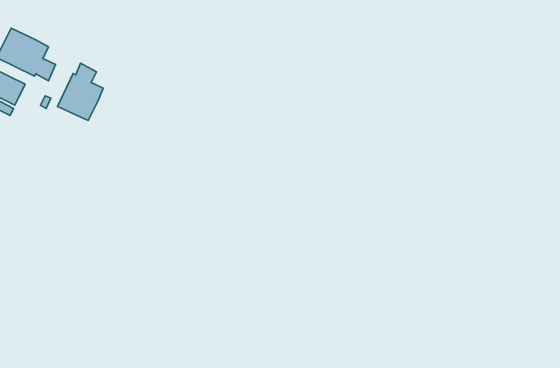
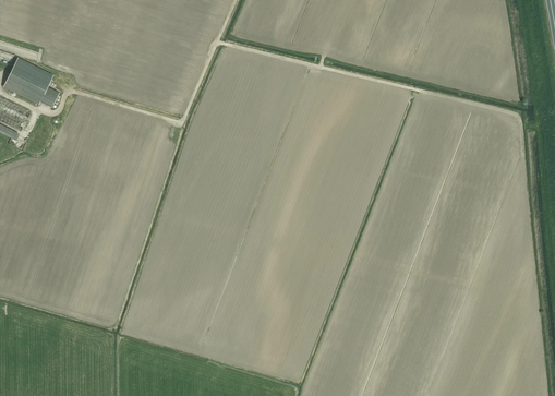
building: [57,63,103,120] -> none

